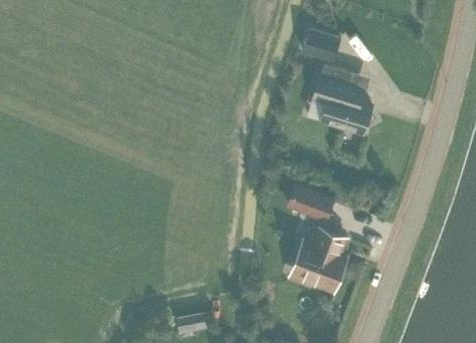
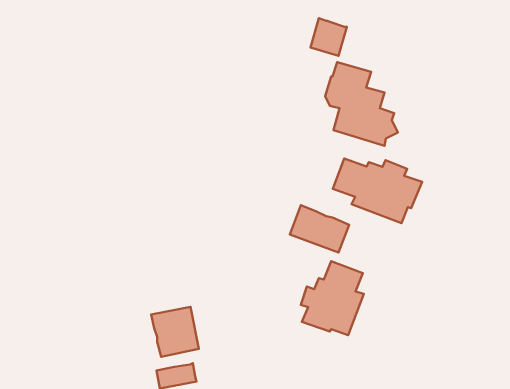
building: none -> [333,158,422,223]
building: none -> [151,307,199,357]

